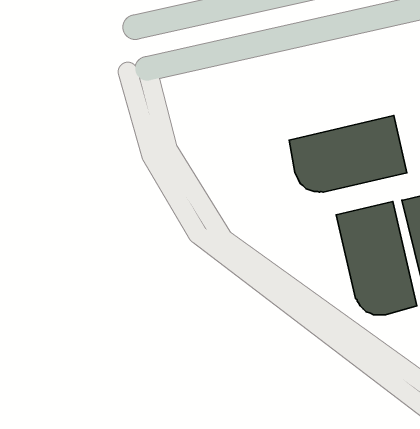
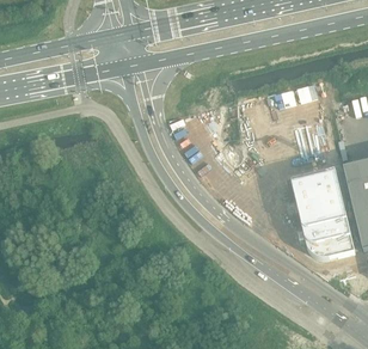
building: [289,116,407,192] -> none

